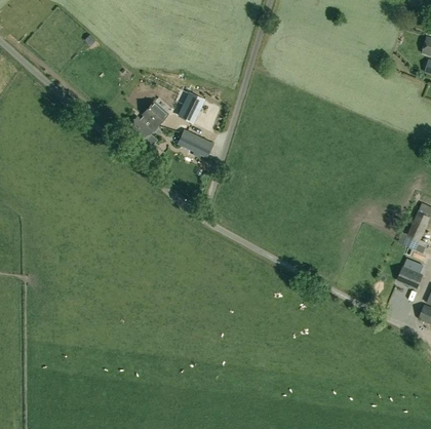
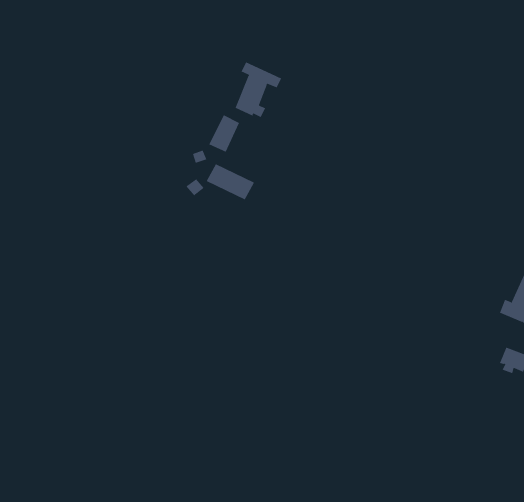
building: none -> [235,62,282,118]
building: [123,101,166,143] -> none

